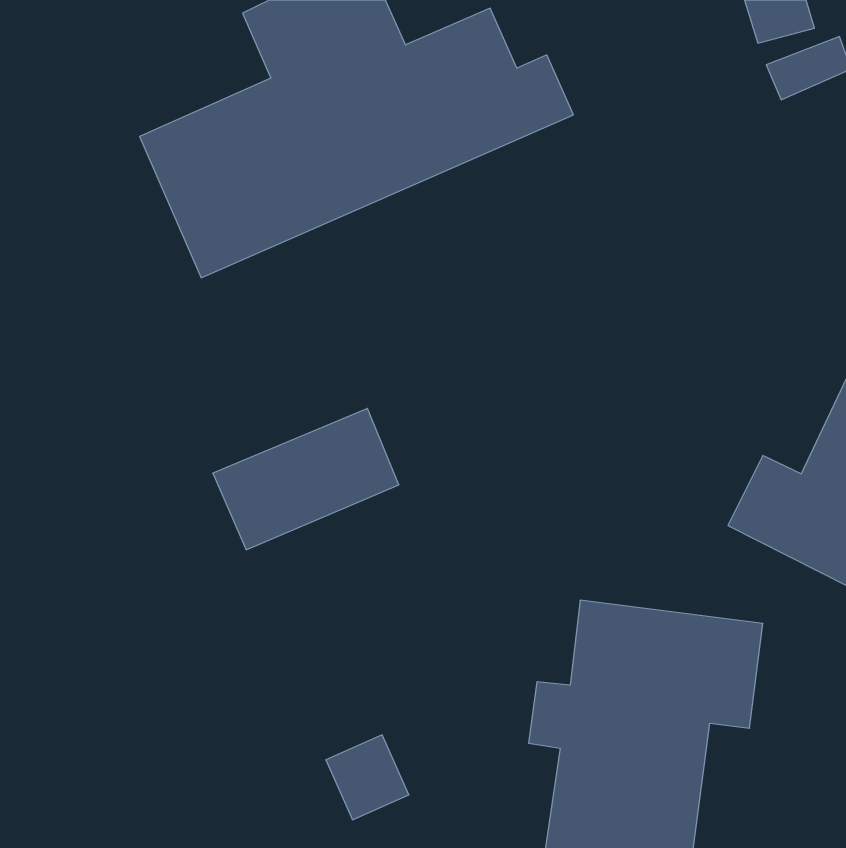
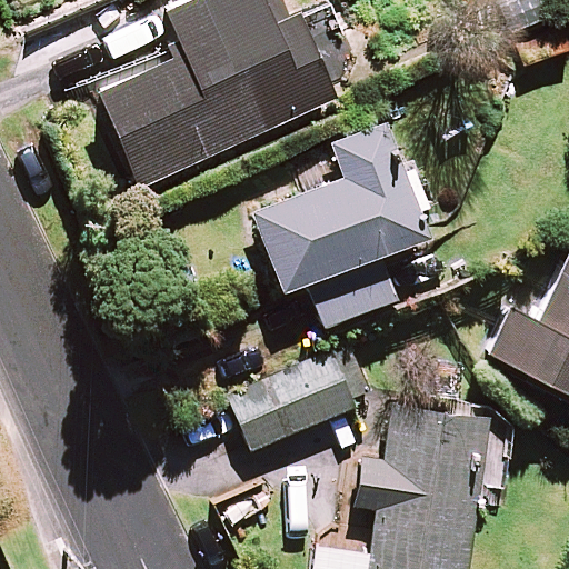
building: none -> [251,123,428,328]
building: [213,408,399,550] -> [230,356,355,450]

